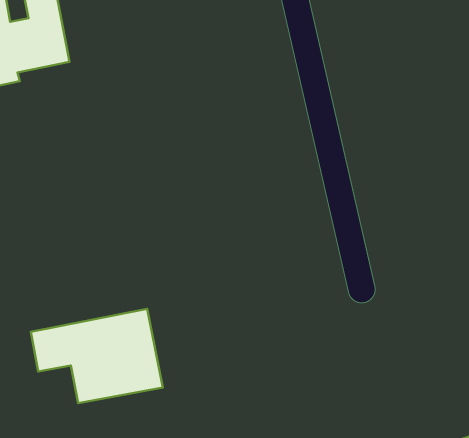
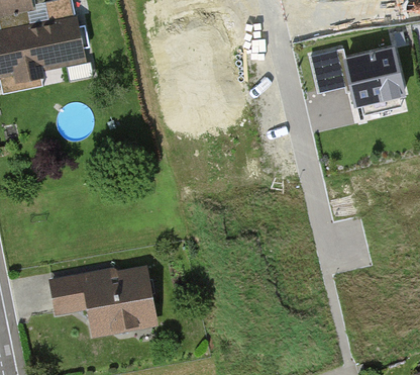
building: none -> [346,50,404,104]
building: none -> [310,51,345,90]

